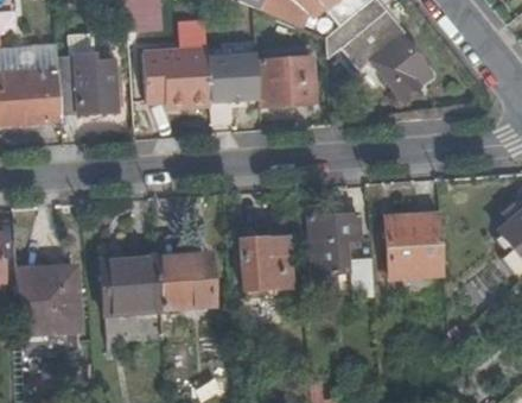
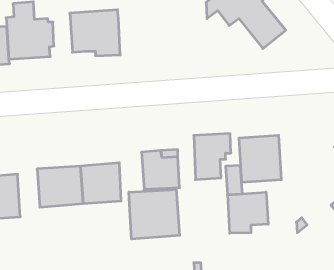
building: [210,57,259,108] -> none
building: [263,58,316,102] -> none
building: none -> [129,189,180,239]
building: none -> [228,192,268,233]

